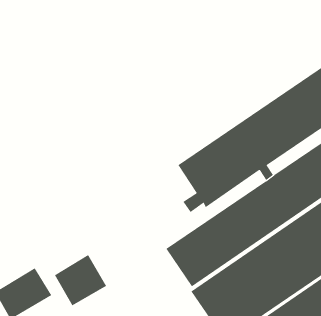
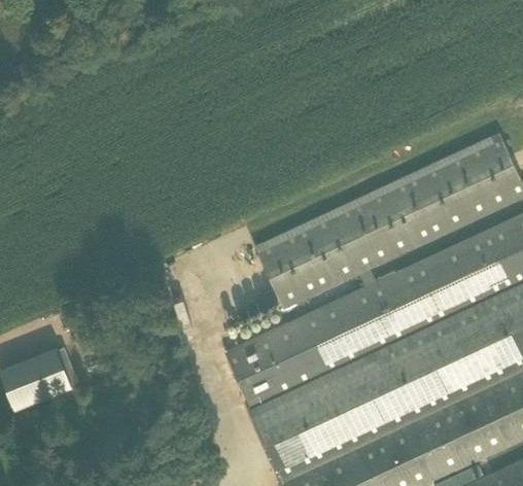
building: [54,254,107,306] -> none

